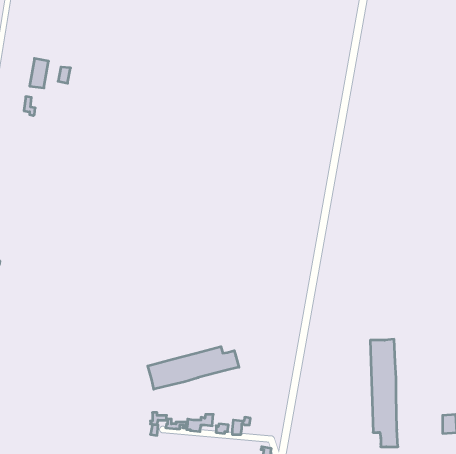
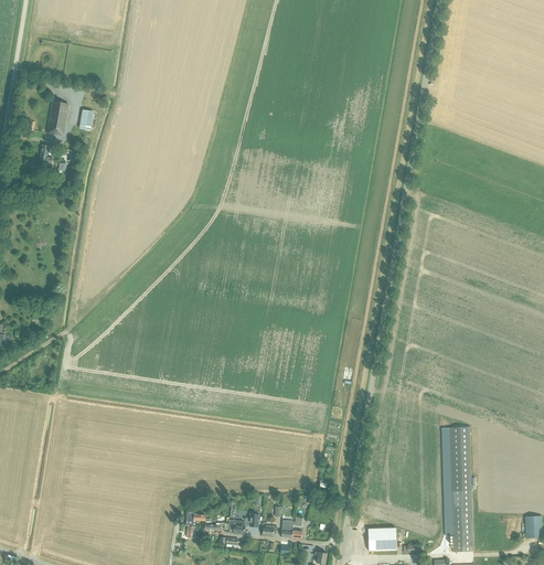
building: [148,347,239,389] -> none
building: none -> [366,527,395,551]

